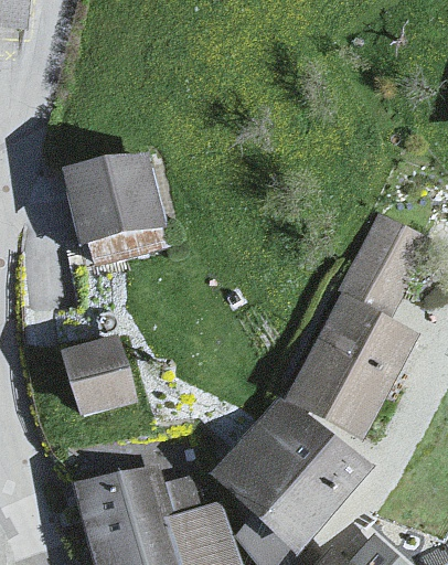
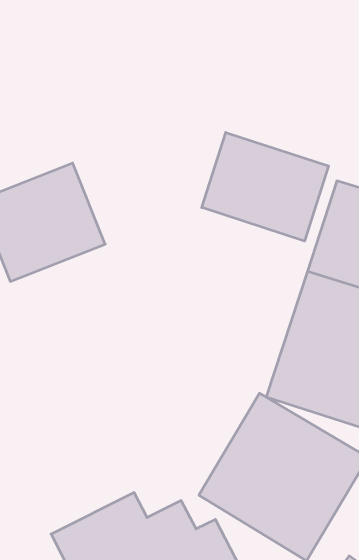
building: none -> [202,132,329,241]
building: [62,332,138,418] -> none

